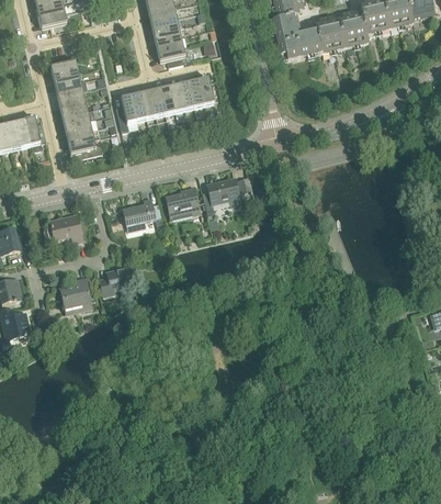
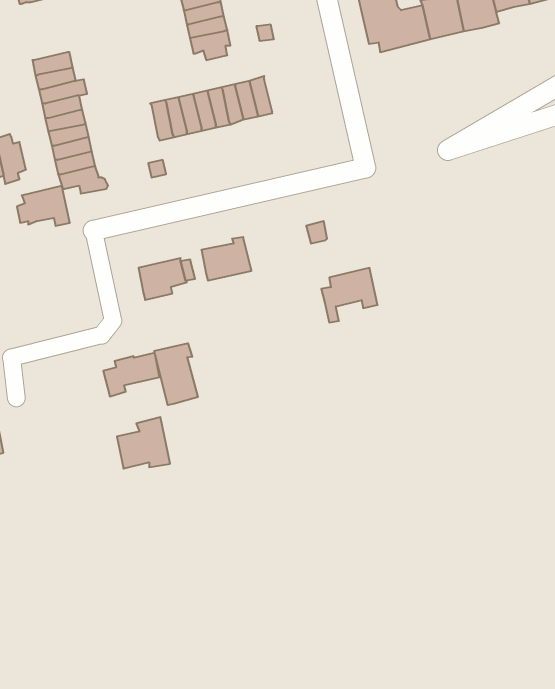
building: [116,96,137,131] -> none
building: [202,177,240,214] -> [321,268,378,323]
building: [46,213,82,240] -> [17,186,70,226]
building: none -> [154,343,198,405]
building: [60,275,97,310] -> [117,417,170,469]

